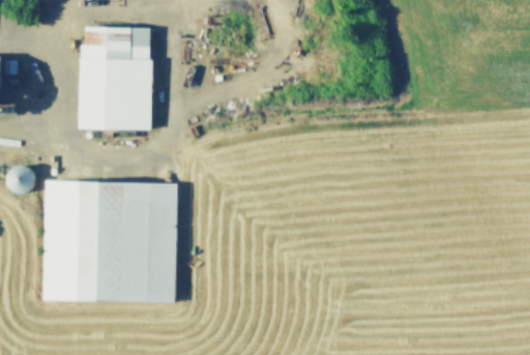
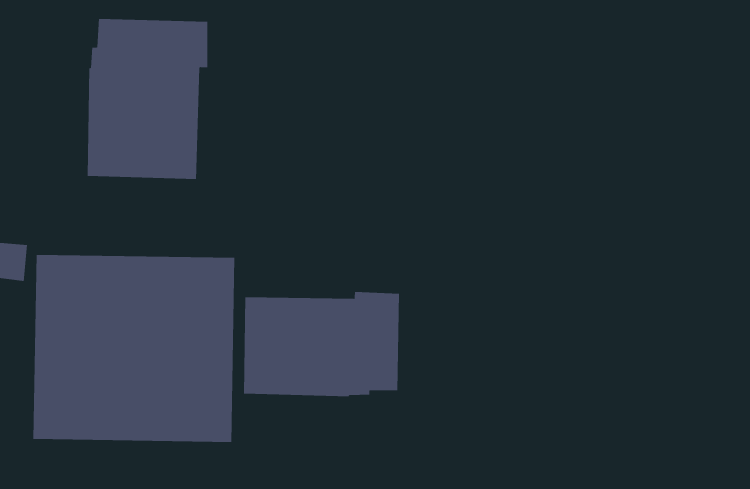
building: none -> [243,291,400,397]

